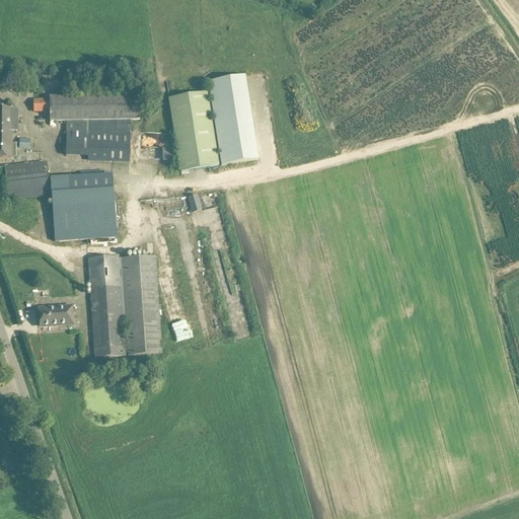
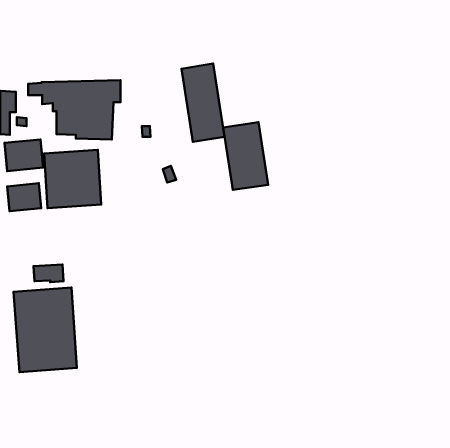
building: [167,90,219,168] -> [223,122,268,190]
building: none -> [7,183,41,211]
building: [88,258,161,356] -> [13,288,77,372]

